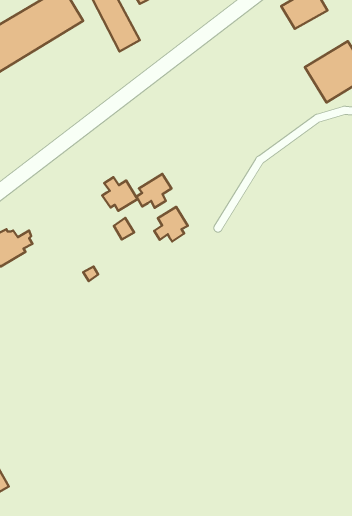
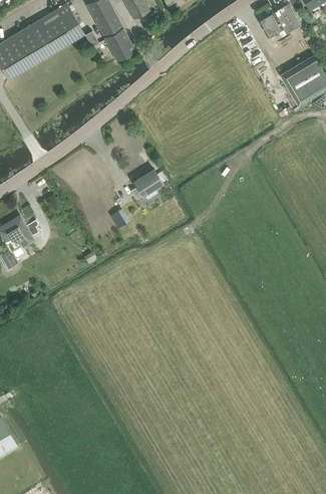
building: [102,177,138,211] -> none
building: [154,207,188,242] -> none

